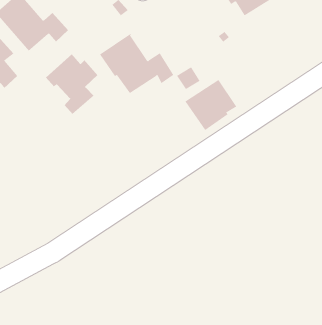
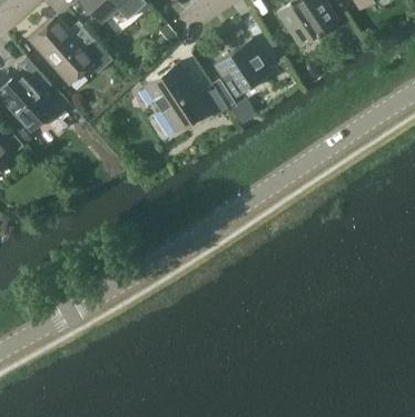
building: [45,54,98,115] -> none
building: [185,79,237,131] -> [215,40,273,97]

